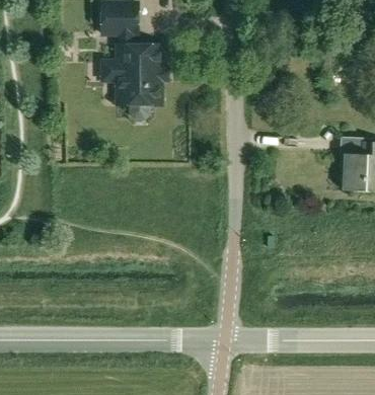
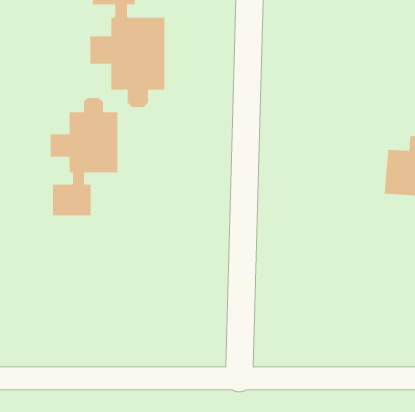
building: none -> [50,97,118,216]

